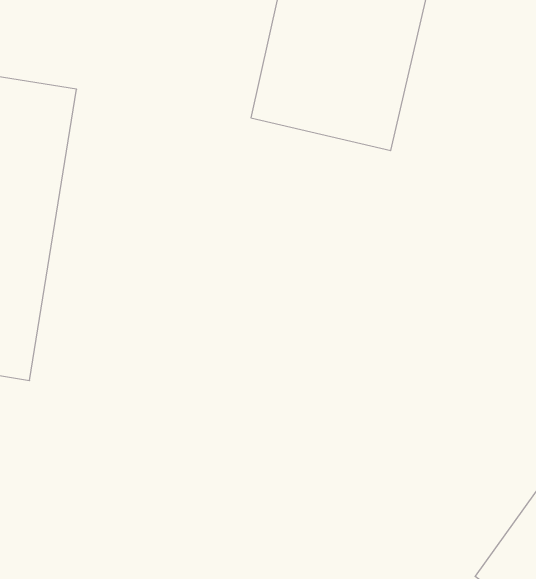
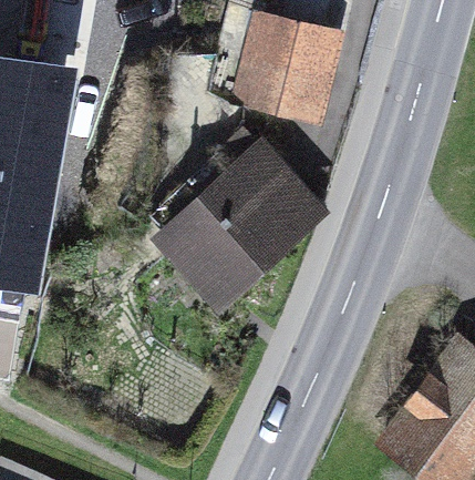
building: none -> [145,140,321,310]

